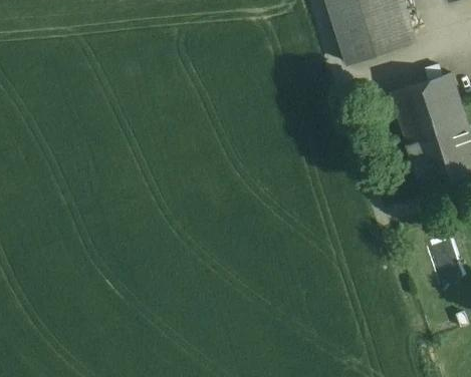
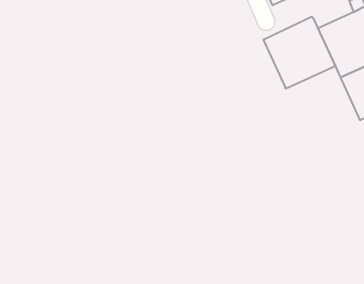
building: none -> [264,17,335,89]

